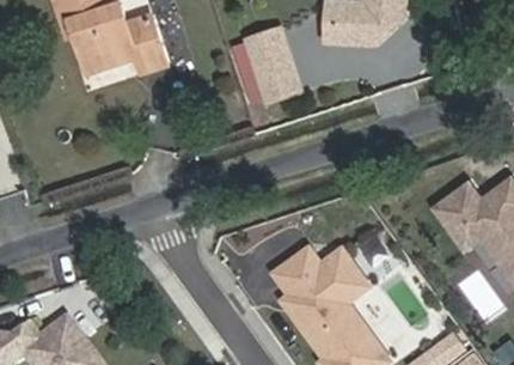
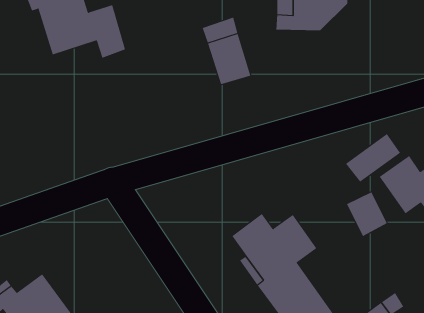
building: none -> [345,133,401,182]
building: none -> [346,192,387,237]

